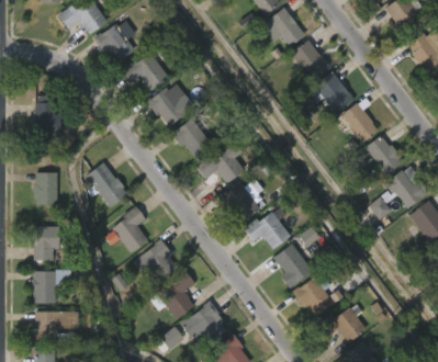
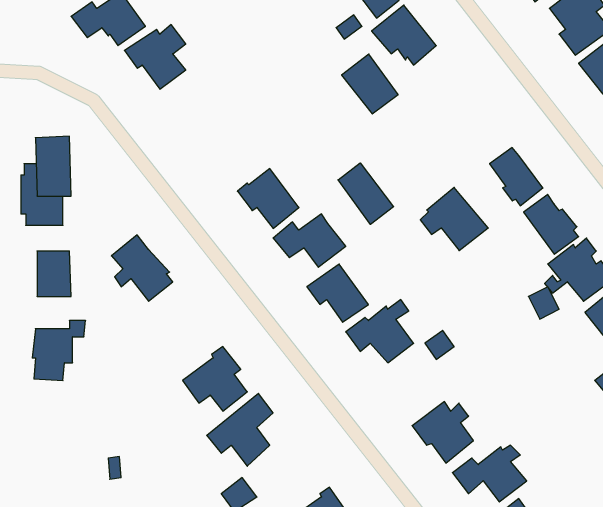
building: [291,39,329,80] -> [342,54,398,114]
building: [122,53,169,90] -> none
building: [310,70,356,113] -> [420,187,488,251]
building: [146,84,187,126] -> none
building: none -> [338,163,394,224]
building: [105,205,148,252] -> none
building: [274,244,313,289] -> none
building: [33,272,56,303] -> none
building: [181,299,227,342] -> none
building: [32,310,77,342] -> none

